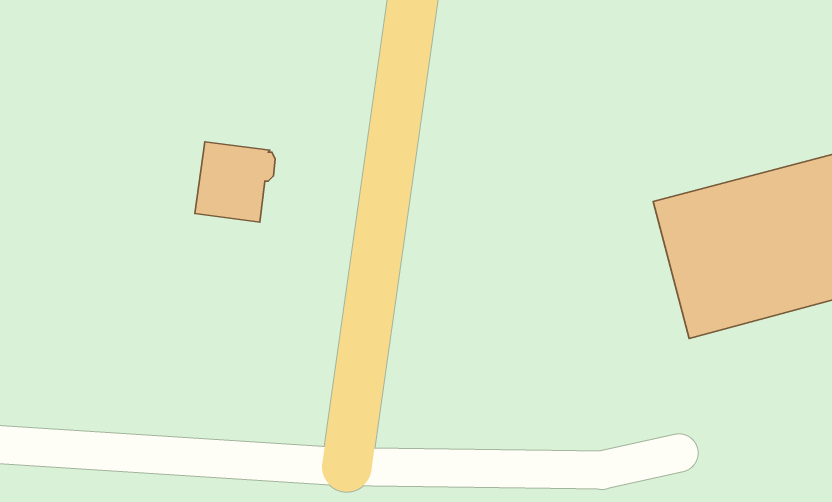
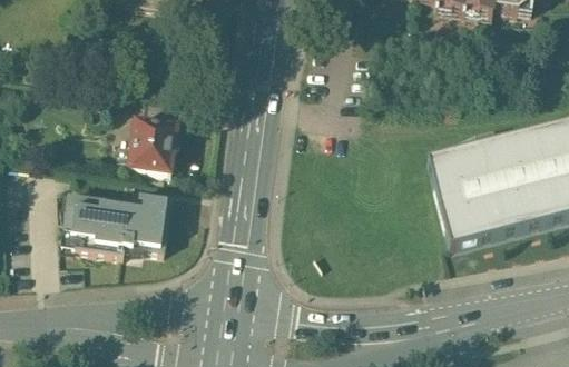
building: none -> [62,190,173,254]

